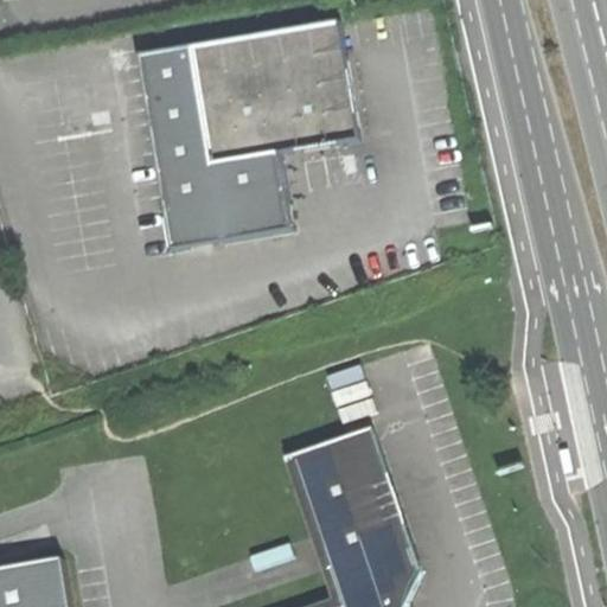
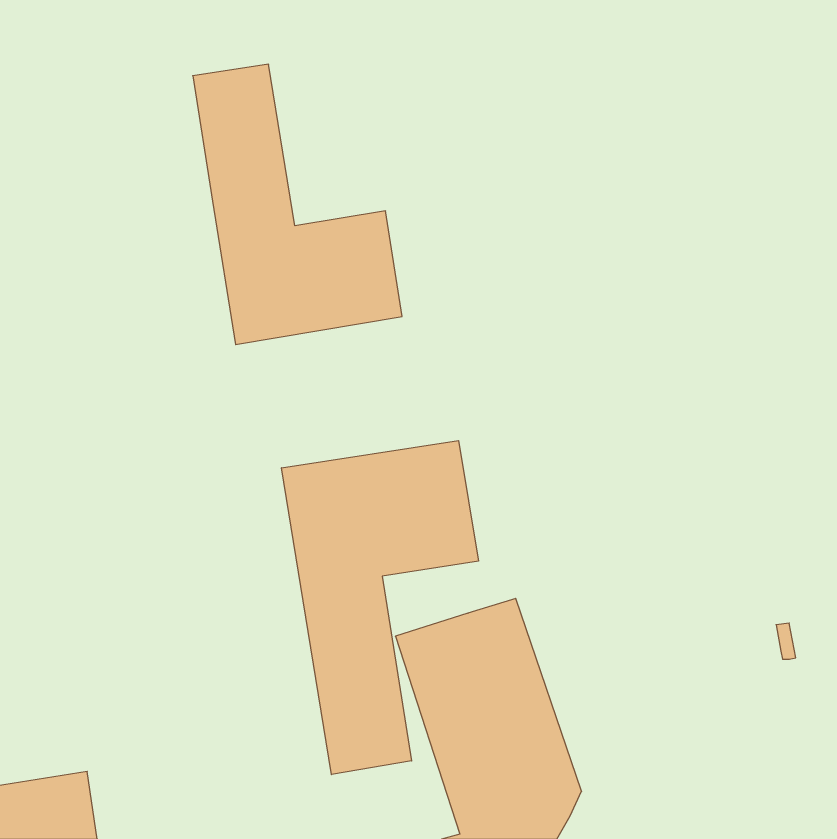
building: [193,23,358,162] -> none
building: none -> [282,441,478,775]

